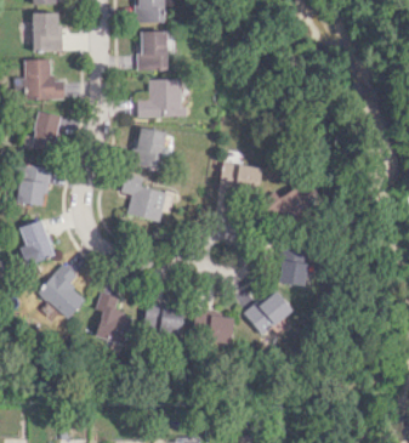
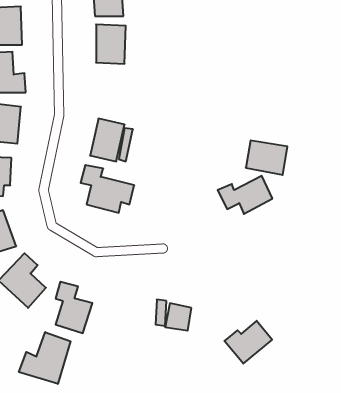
building: [137,79,183,118] -> none
building: [218,161,261,197] -> [246,140,287,175]
building: [277,242,308,286] -> none
building: [243,291,291,335] -> [224,321,272,364]
building: [146,307,184,335] -> none
building: none -> [19,332,71,384]

